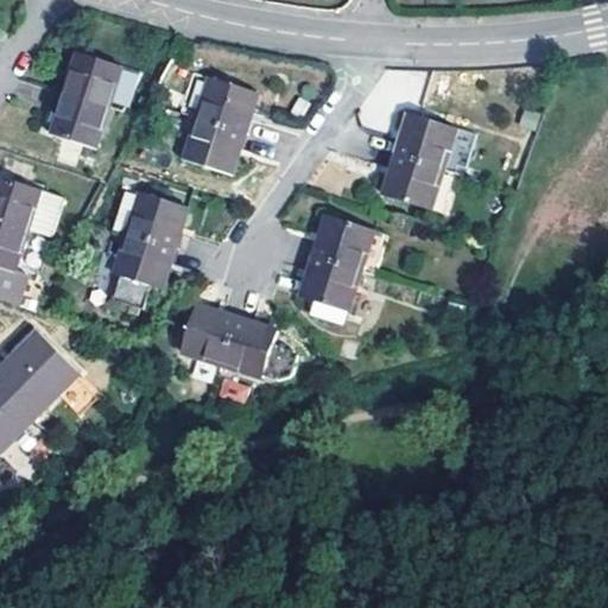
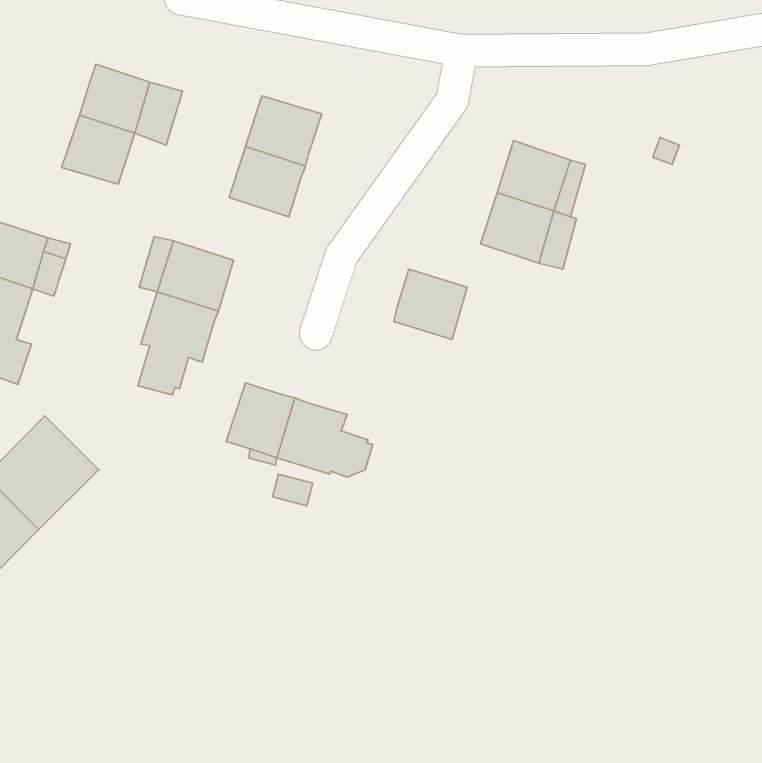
building: [299,255,359,324] -> none

